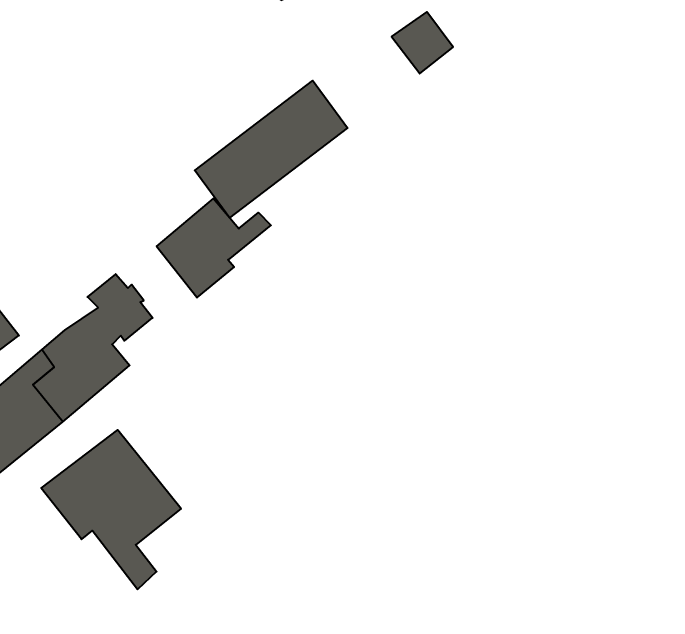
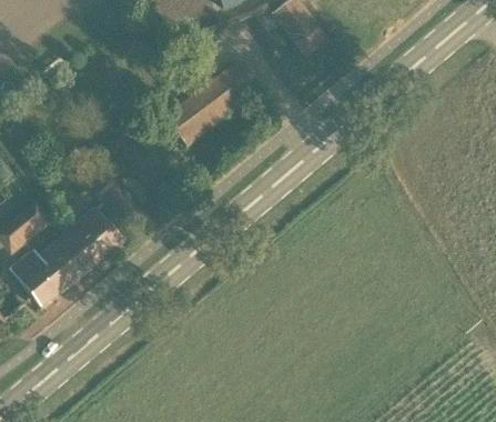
building: [157,198,271,298] -> none
building: [41,430,181,589] -> none

